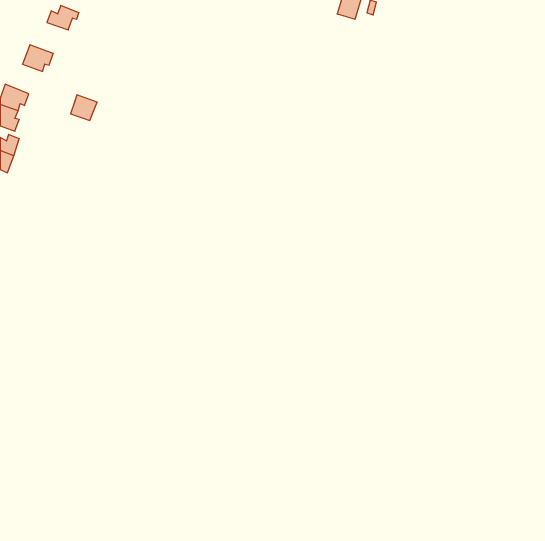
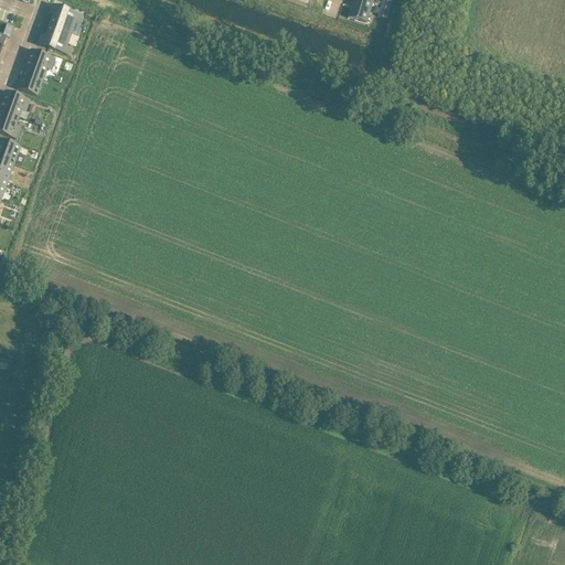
building: none -> [44,23,71,52]
building: [71,95,97,120] -> [17,66,44,93]

